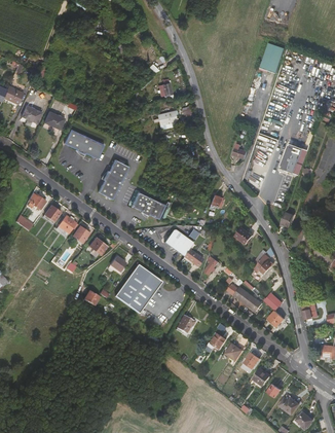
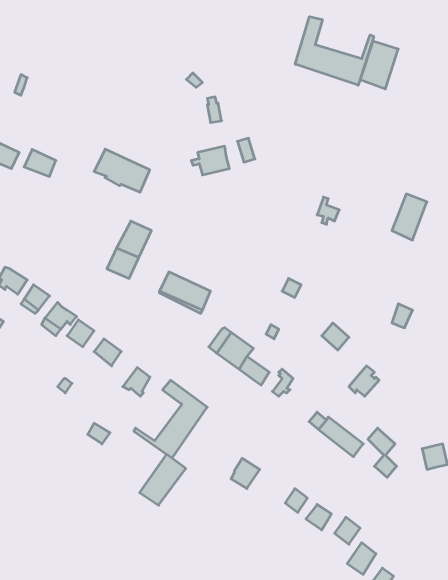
building: none -> [295,17,374,85]
building: [63,129,99,156] -> [94,149,150,192]
building: [116,268,146,301] -> [140,454,186,505]

